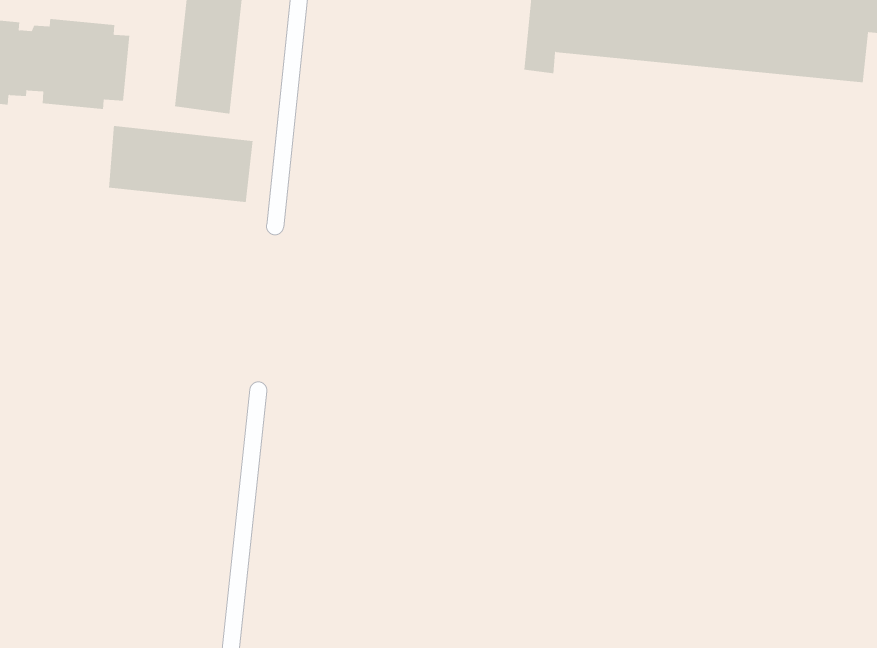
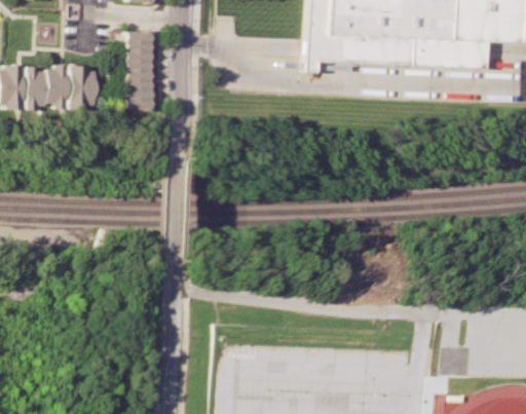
building: [108,125,253,203] -> none

